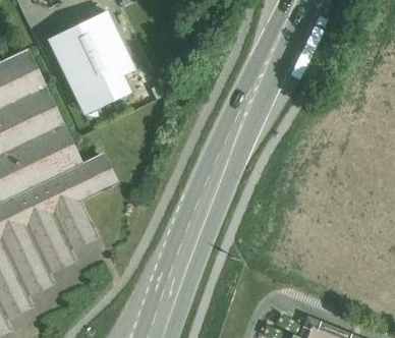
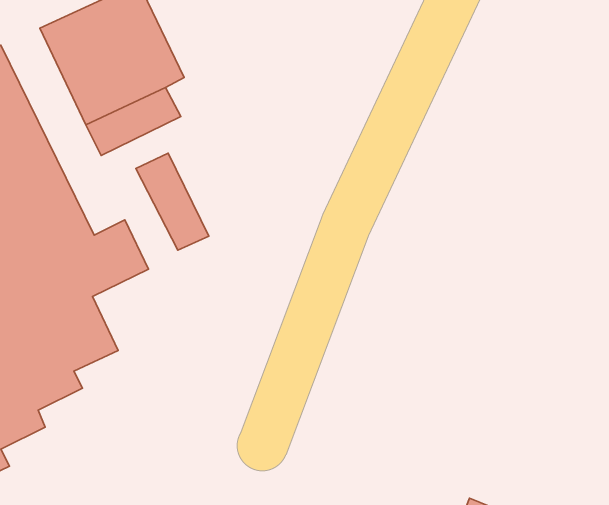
building: none -> [136,153,209,250]

